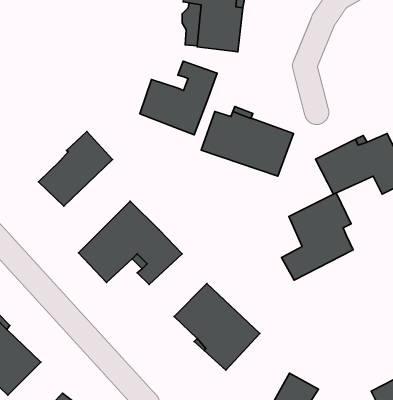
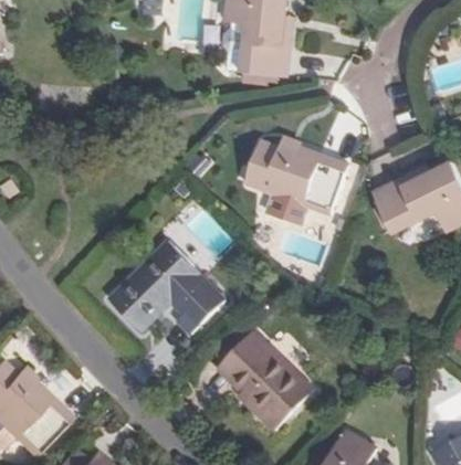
building: [140,61,217,135] -> none
building: [38,132,113,206] -> none
building: [282,193,353,280] -> none

